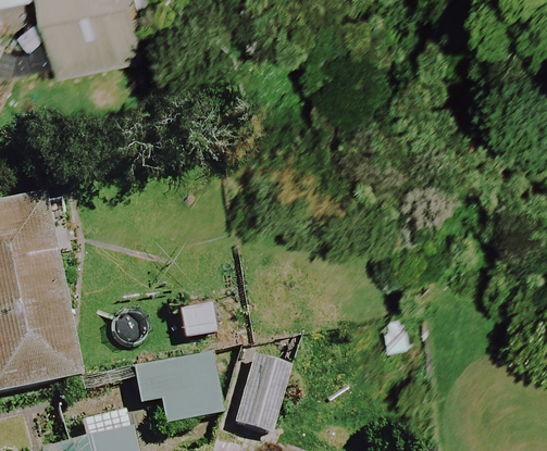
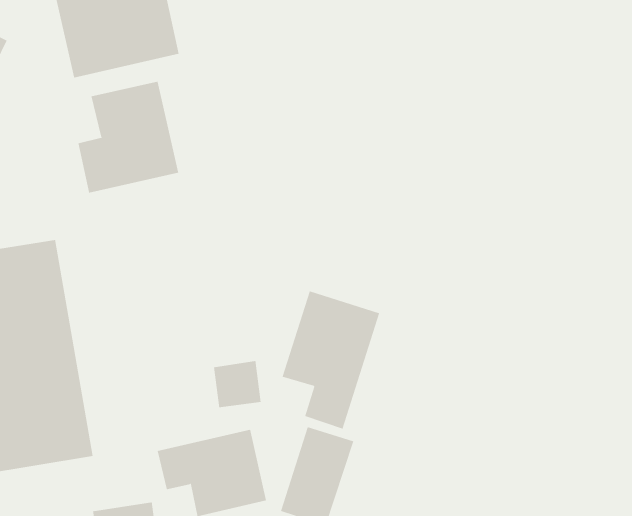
building: none -> [78,81,179,194]
building: none -> [282,291,380,429]

